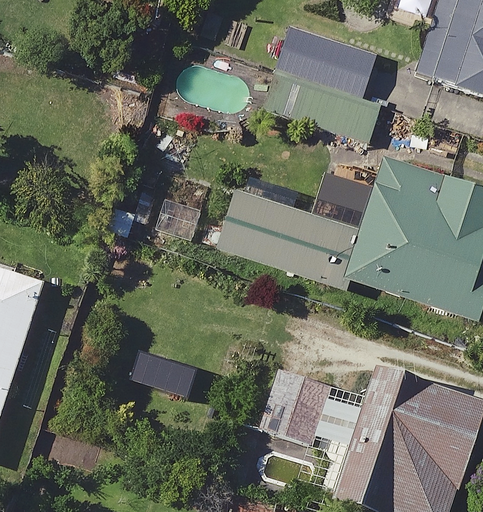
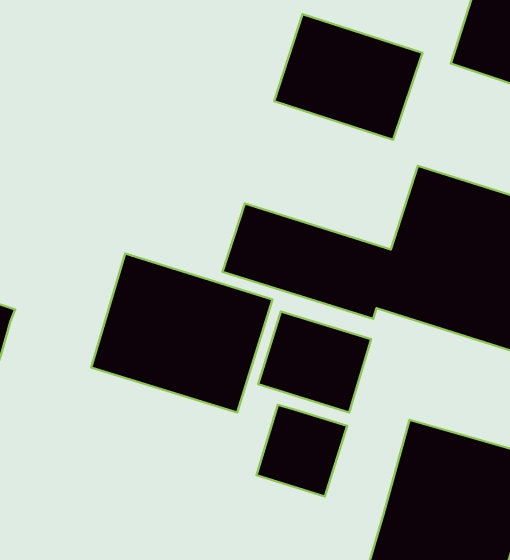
building: none -> [91,254,272,412]
building: none -> [258,311,371,412]

